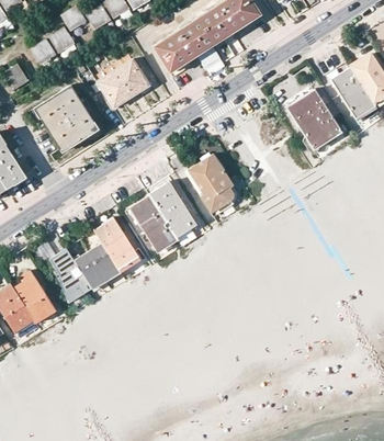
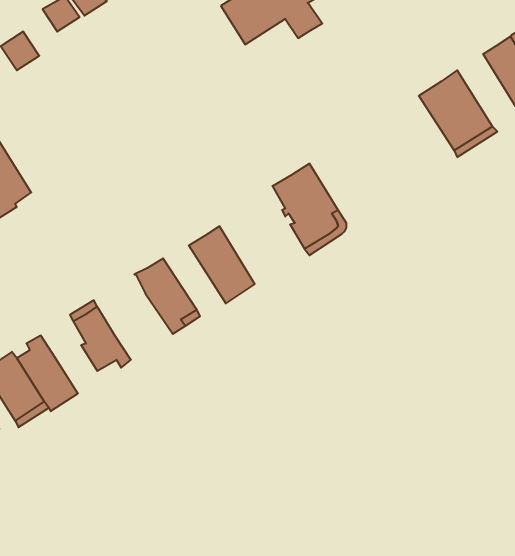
building: [100,60,148,105] -> none
building: [36,86,97,148] -> none
building: [149,180,196,236] -> none
building: [75,242,121,287] -> none

